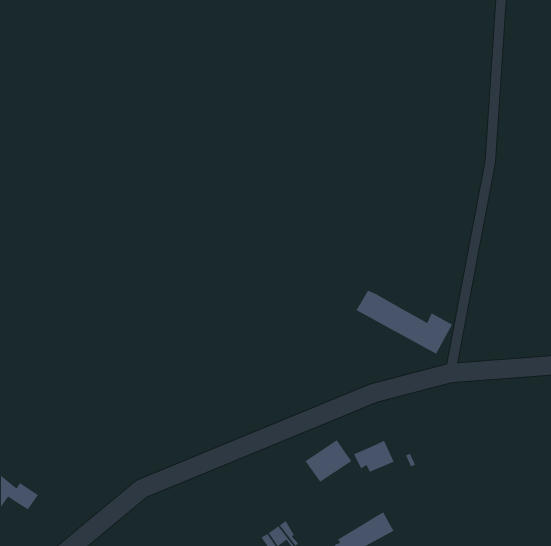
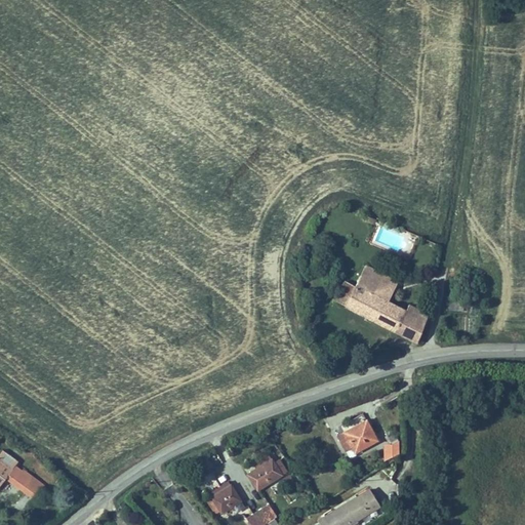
building: none -> [359,266,392,297]
building: [305,439,352,483] -> [244,454,289,495]
building: none -> [213,482,244,512]

